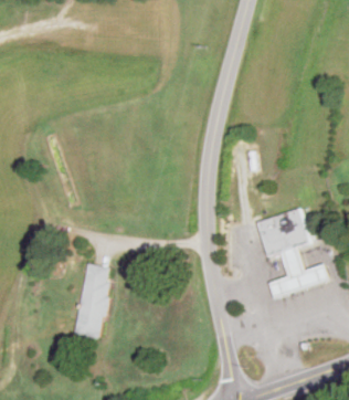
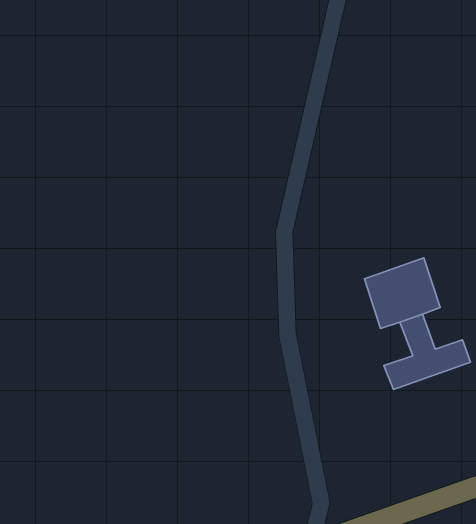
building: [75,264,112,339] -> none

